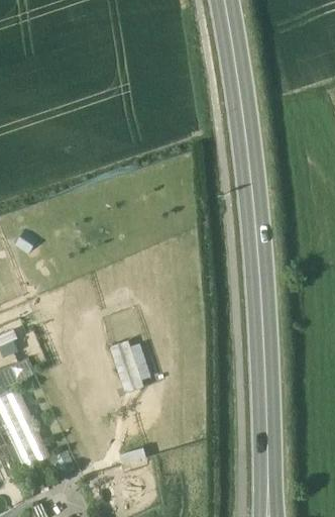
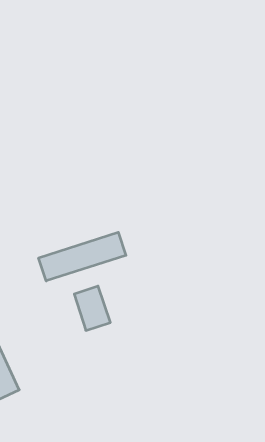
building: none -> [39,232,126,281]

